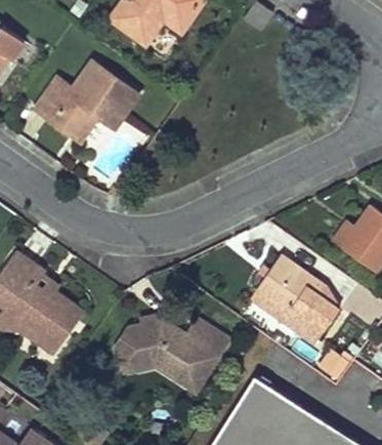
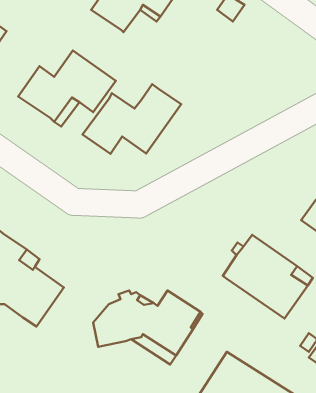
building: none -> [83,84,181,154]

